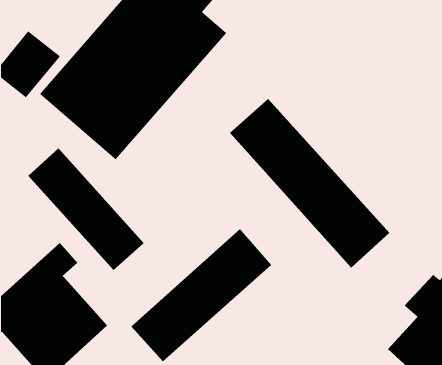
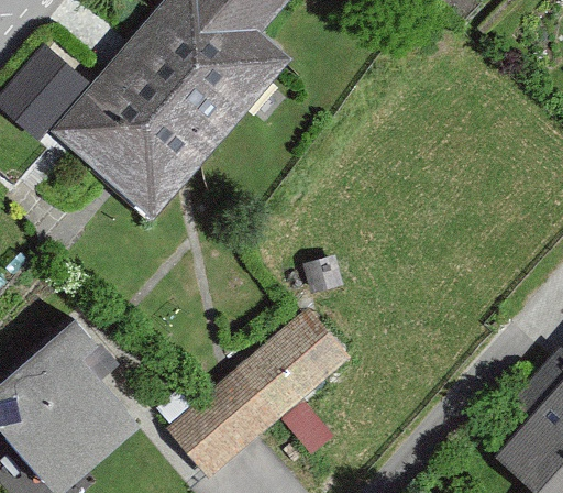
building: [229,98,390,269] -> none
building: [27,147,144,271] -> none

